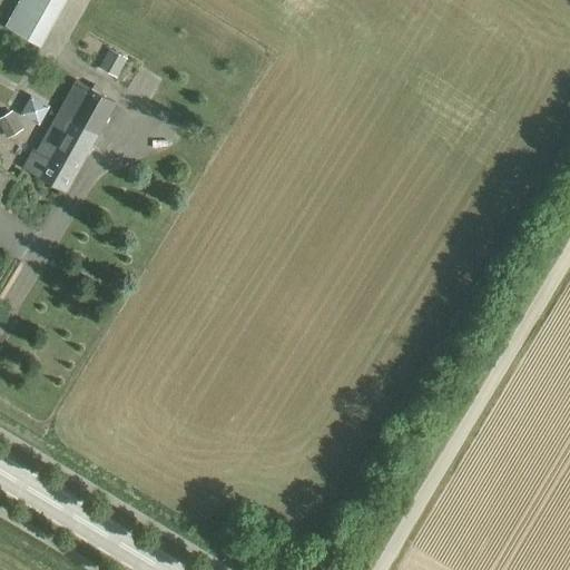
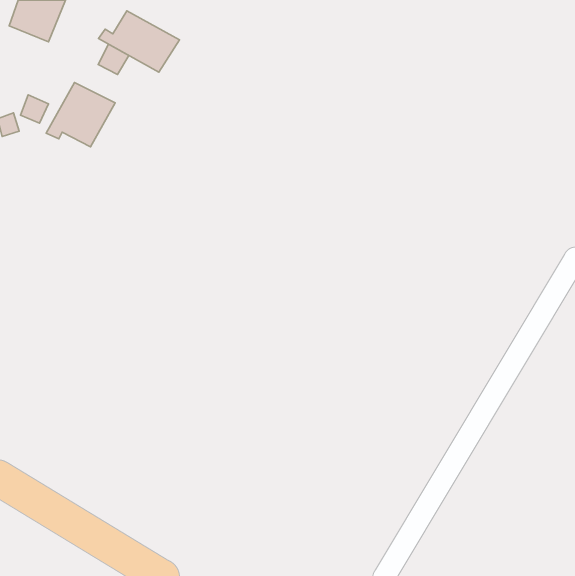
building: none -> [98,11,179,72]
building: [21,131,89,191] -> none

